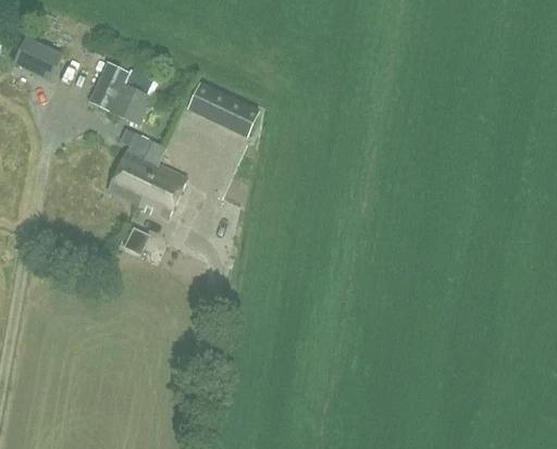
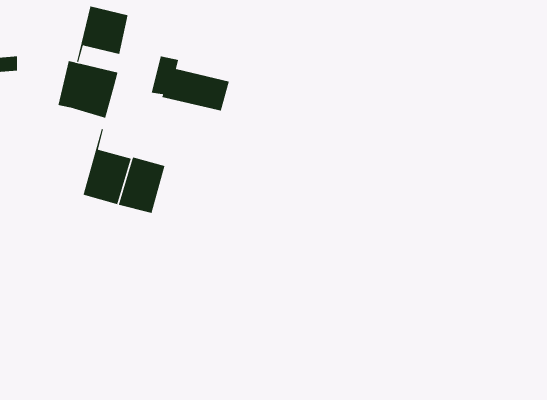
building: none -> [76,5,129,63]
building: [127,133,163,163] -> none

